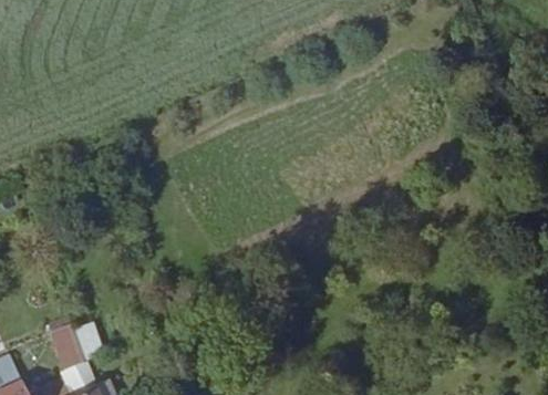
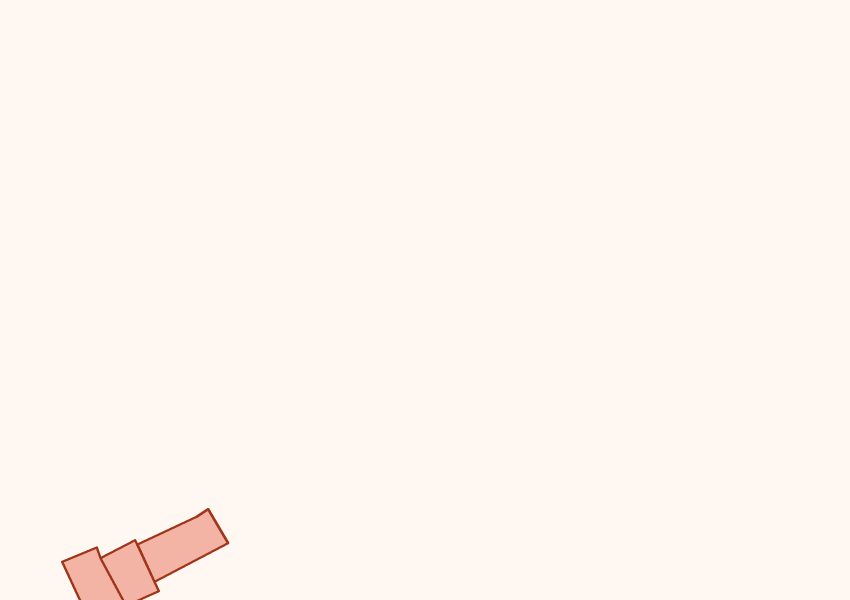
building: none -> [137,509,228,582]

